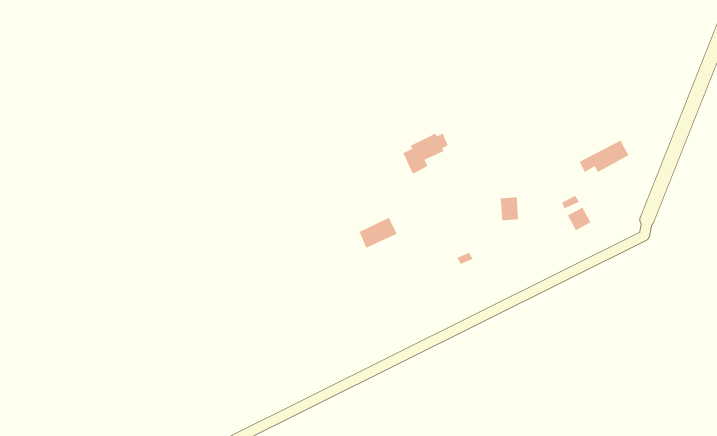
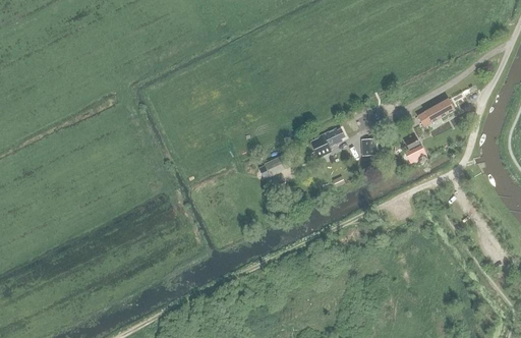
building: [402,132,449,175] -> [310,128,343,158]

